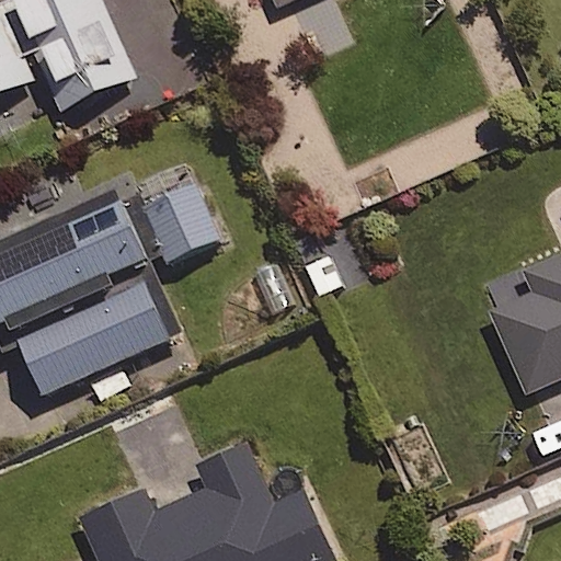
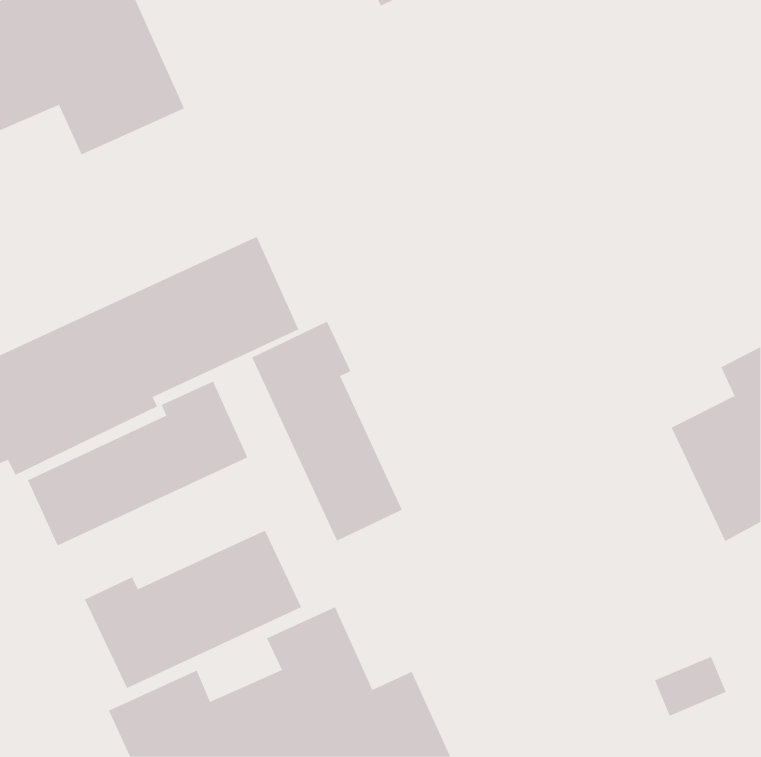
building: none -> [251,321,403,541]
building: none -> [84,530,302,689]

